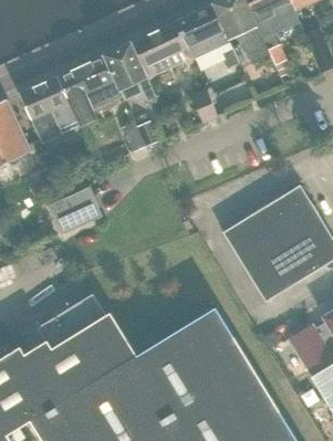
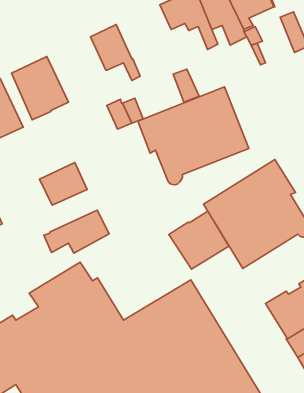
building: [131,20,192,77] -> none
building: [56,54,123,126] -> none
building: none -> [138,87,249,185]
building: none -> [44,210,109,253]
building: none -> [169,211,229,269]

